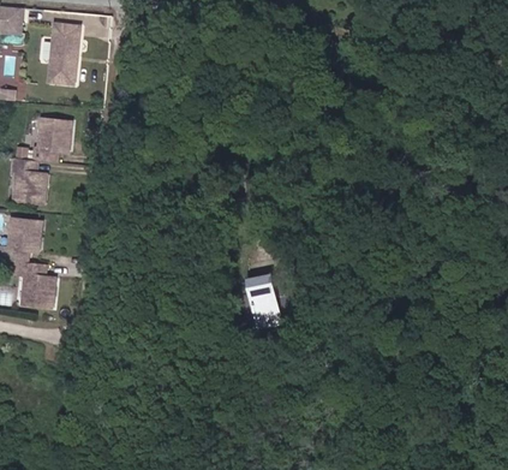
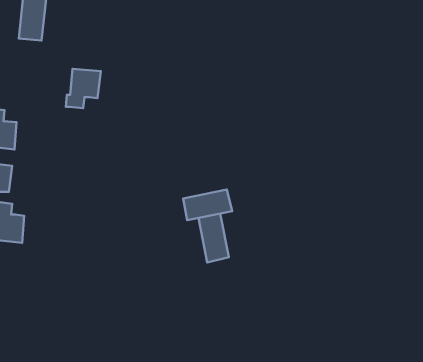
building: [34,118,72,161] -> [66,69,101,108]
building: none -> [183,190,232,220]

